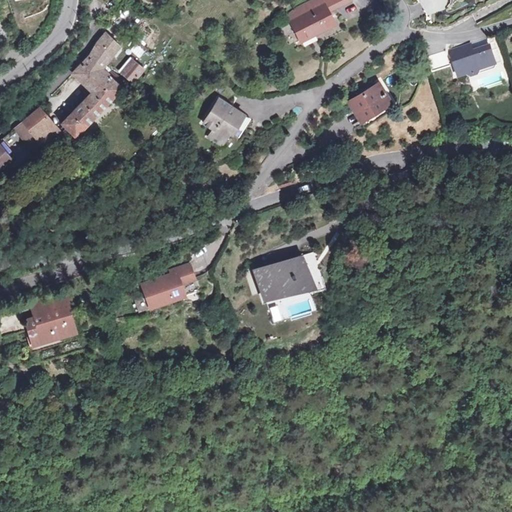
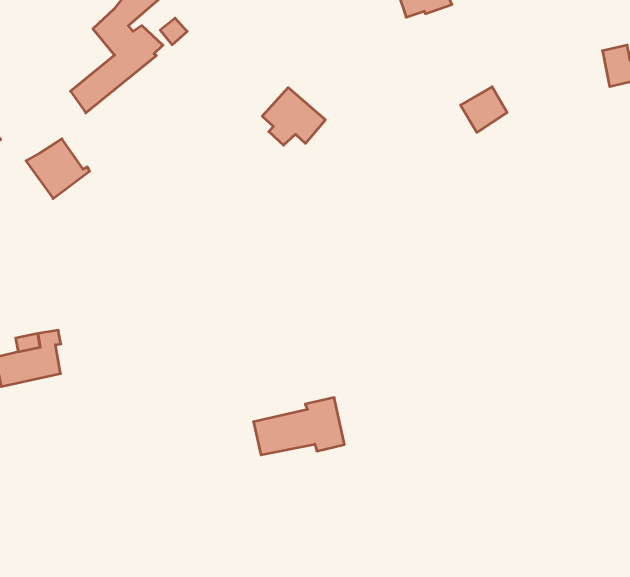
building: [12,111,60,156] -> [26,139,90,199]
building: [259,250,328,298] -> [253,398,344,455]
building: [141,262,196,304] -> none

